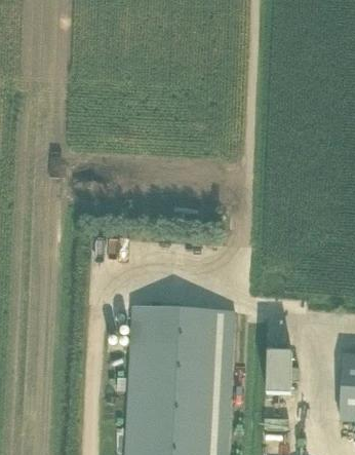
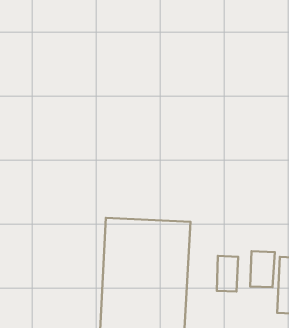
building: none -> [250,251,275,287]

